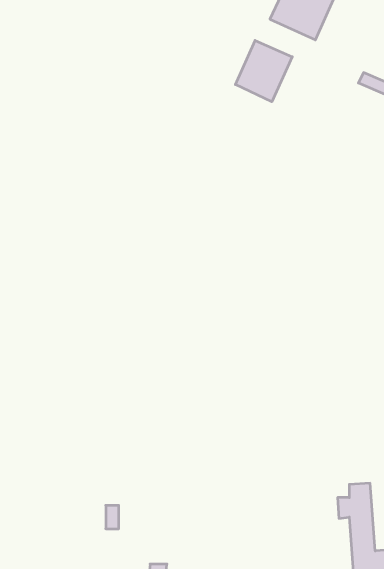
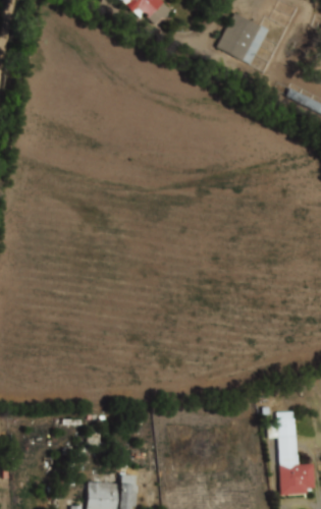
building: [235,40,292,102] -> none

